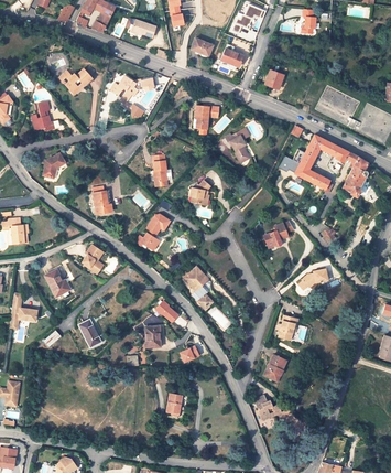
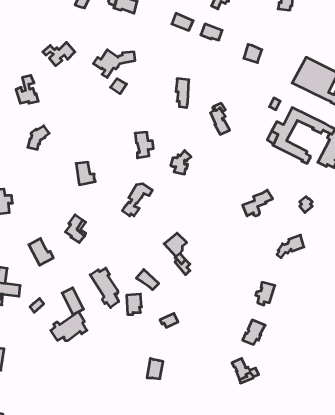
building: none -> [90,268,119,308]
building: none -> [51,312,87,341]

